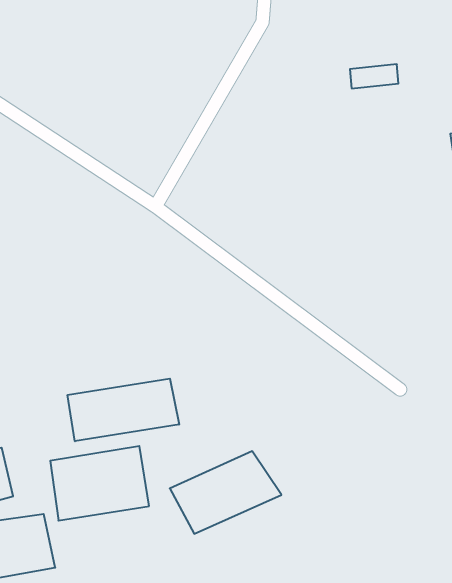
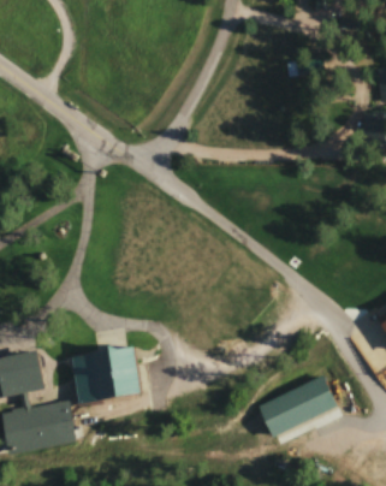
building: [68,379,179,441] -> none
building: [170,451,281,534] -> [272,378,355,439]

